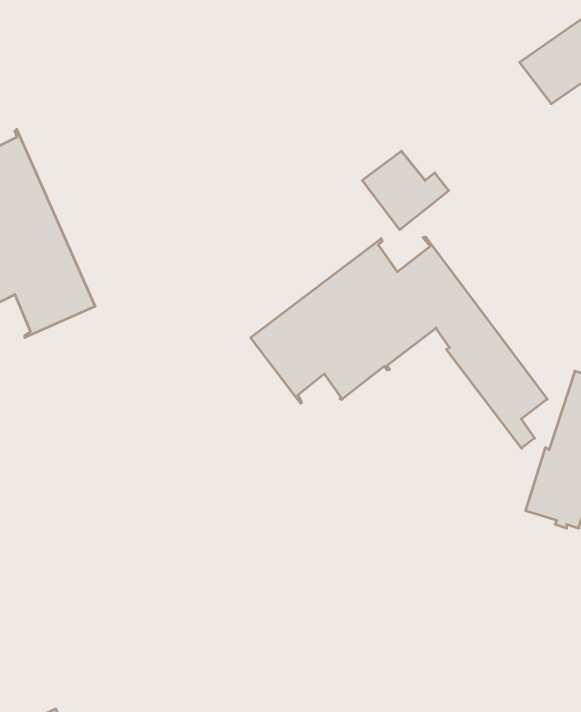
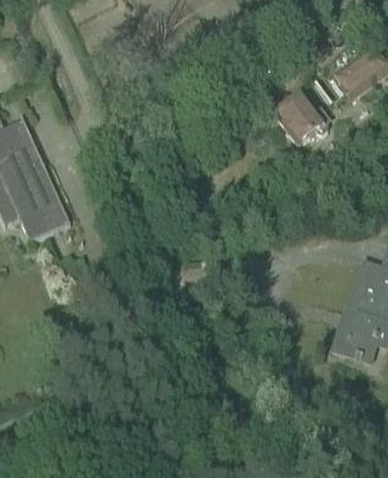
building: [362,151,449,230] -> [275,93,329,142]
building: [251,237,547,448] -> none

